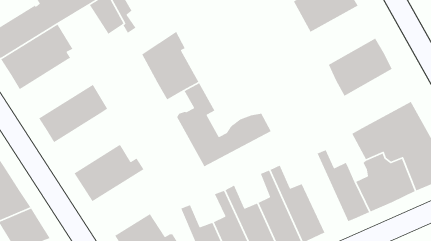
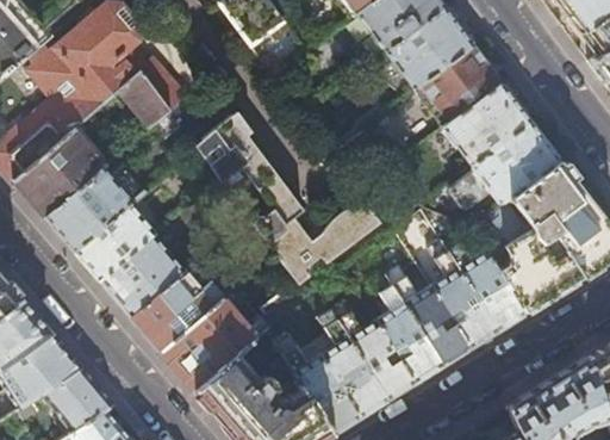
building: none -> [413,45,499,128]
building: none -> [44,168,142,250]
building: none -> [448,122,558,212]
building: none -> [99,234,183,316]
building: none -> [427,241,497,348]
building: none -> [160,283,307,390]

